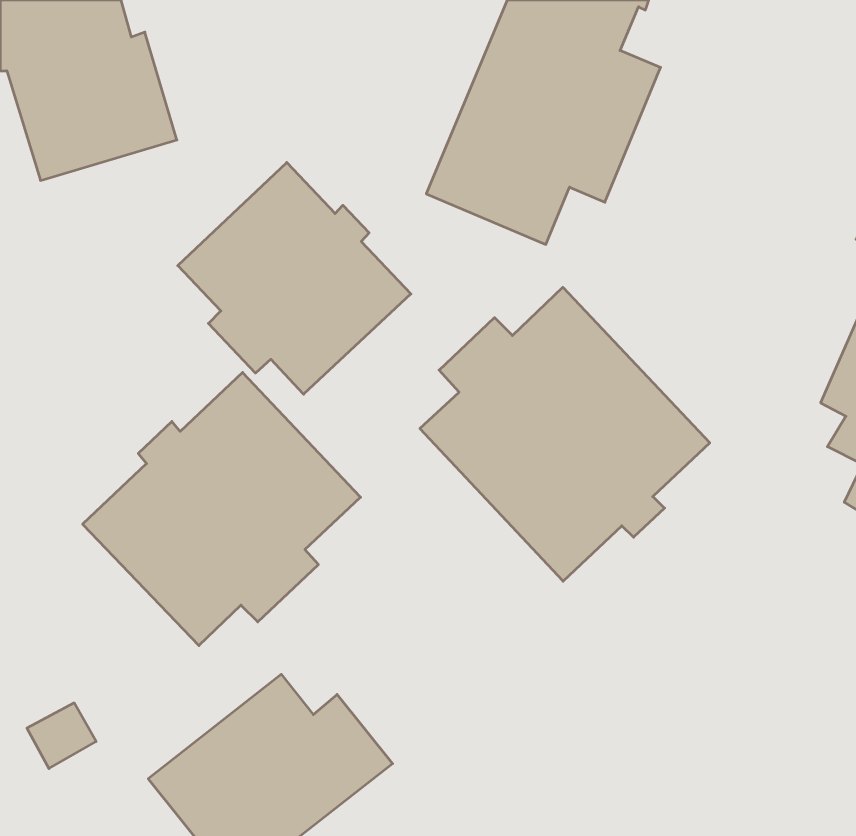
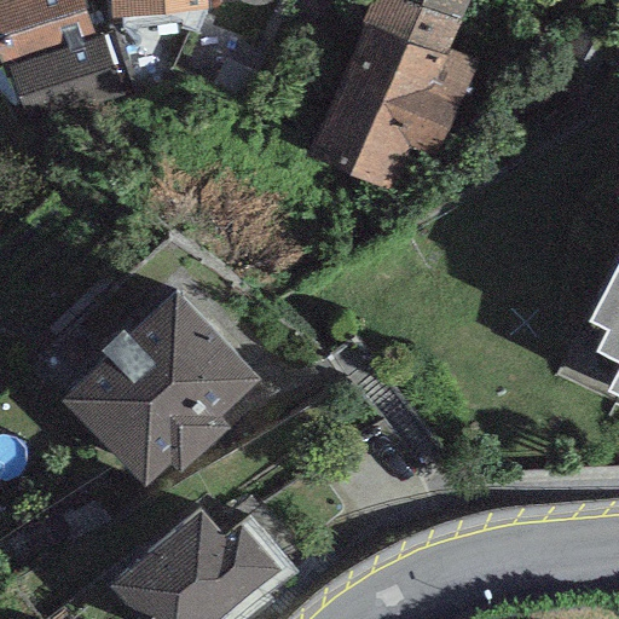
building: [178,162,411,394] -> none
building: [420,287,710,581] -> none

